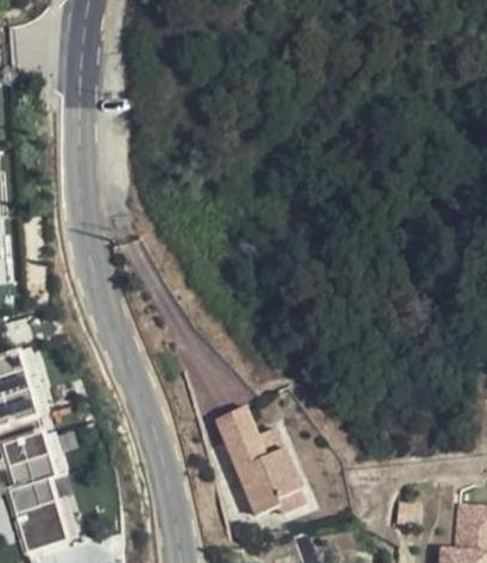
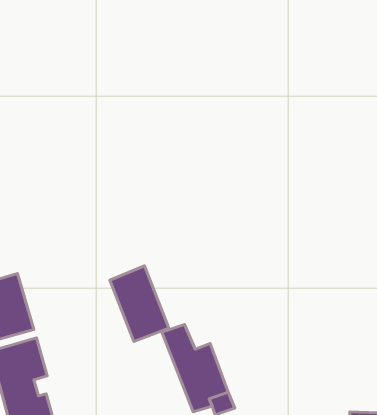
building: none -> [110,266,169,341]

